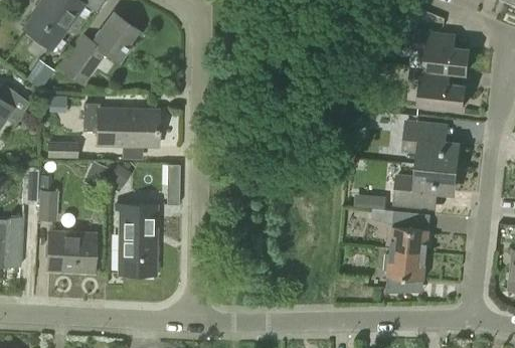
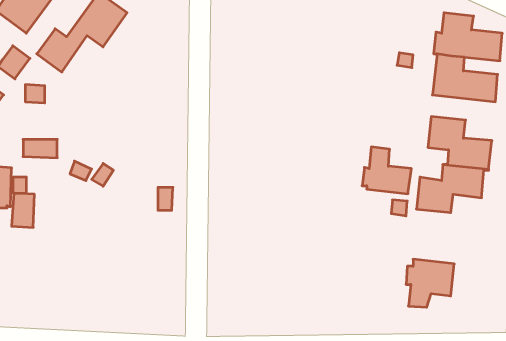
building: [83,102,158,145] -> none
building: [116,204,156,274] -> none
building: [387,210,431,251] -> [362,147,411,194]
building: [48,231,95,271] -> none

